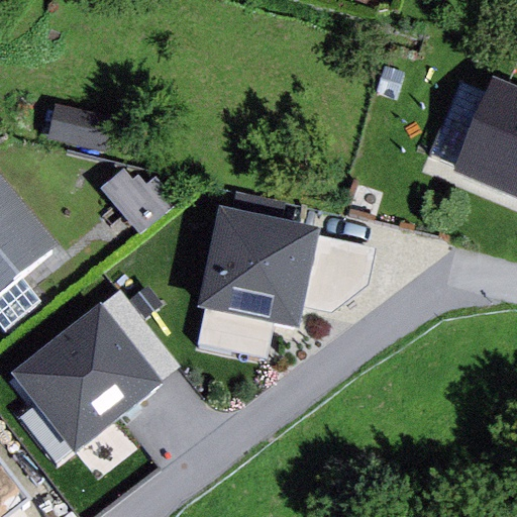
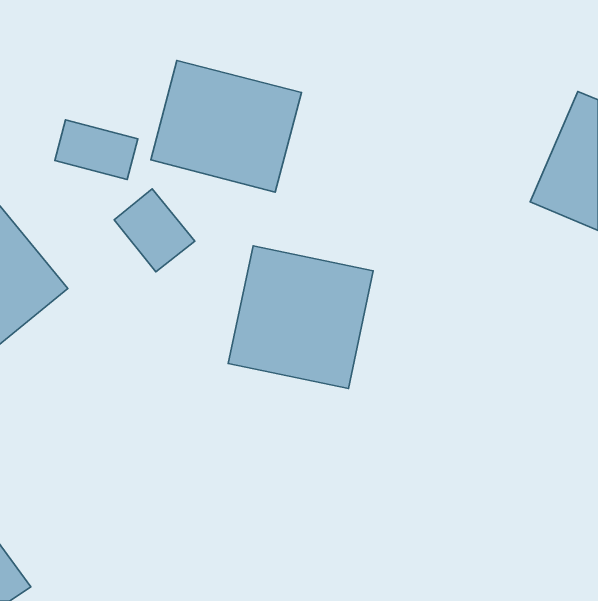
building: none -> [151,60,301,192]
building: [9,289,182,453] -> none

